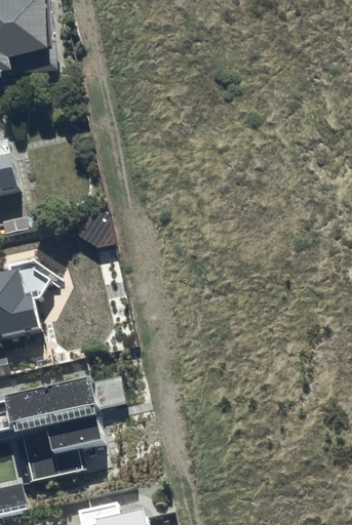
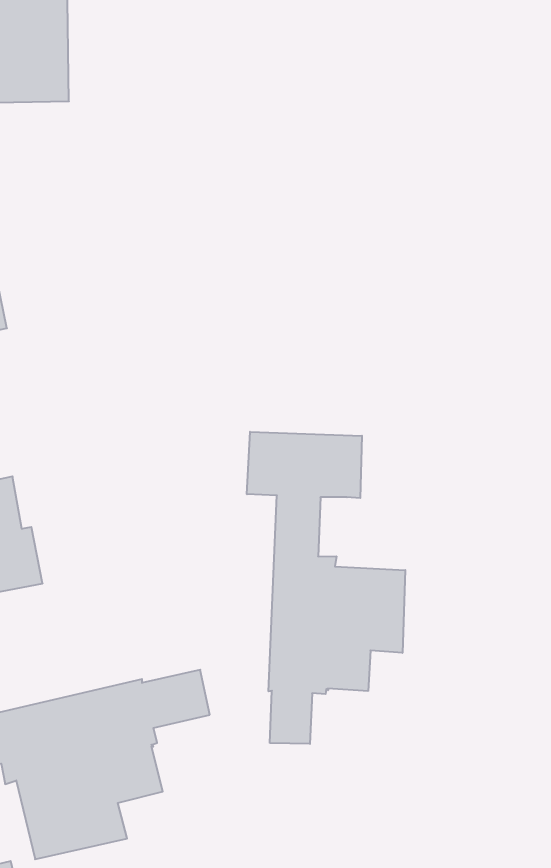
building: none -> [247,432,405,744]

